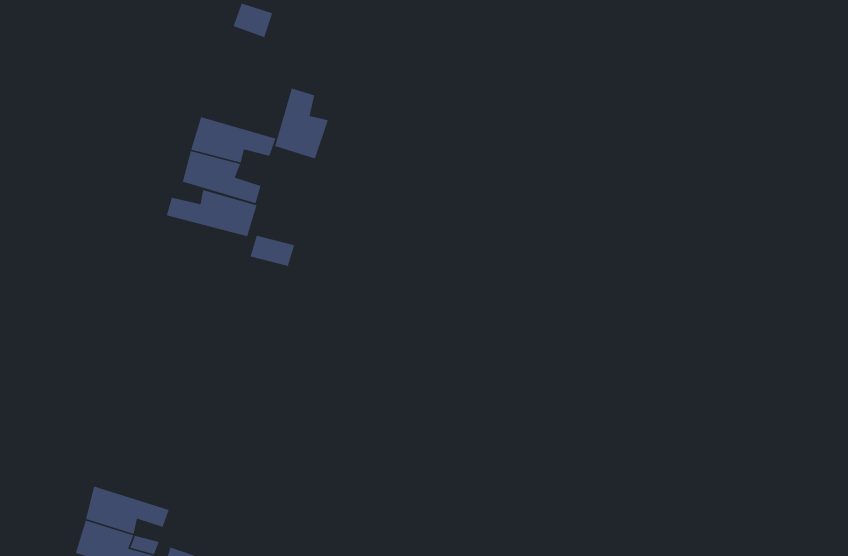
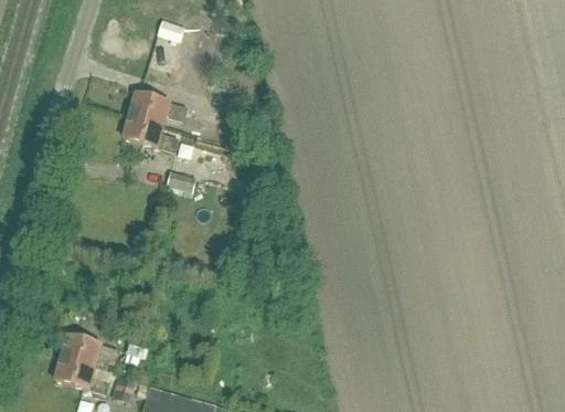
building: [274,88,329,159] -> none
building: [166,189,257,237] -> none

